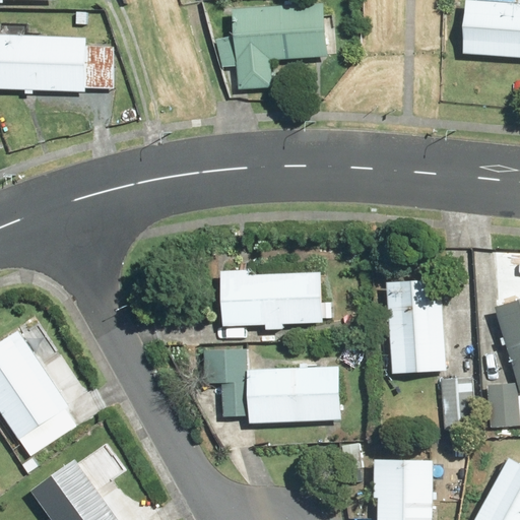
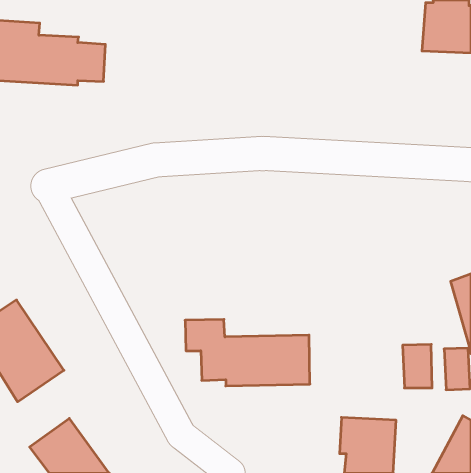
building: [216,9,326,91] -> none
building: [222,269,335,329] -> none
building: [388,274,444,373] -> none

